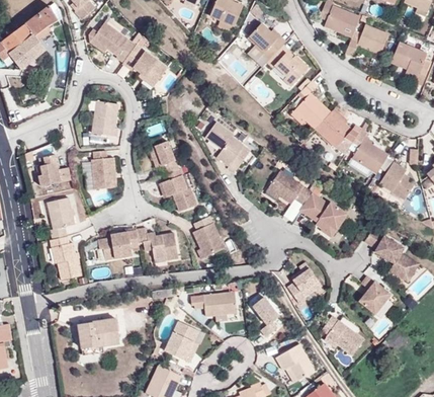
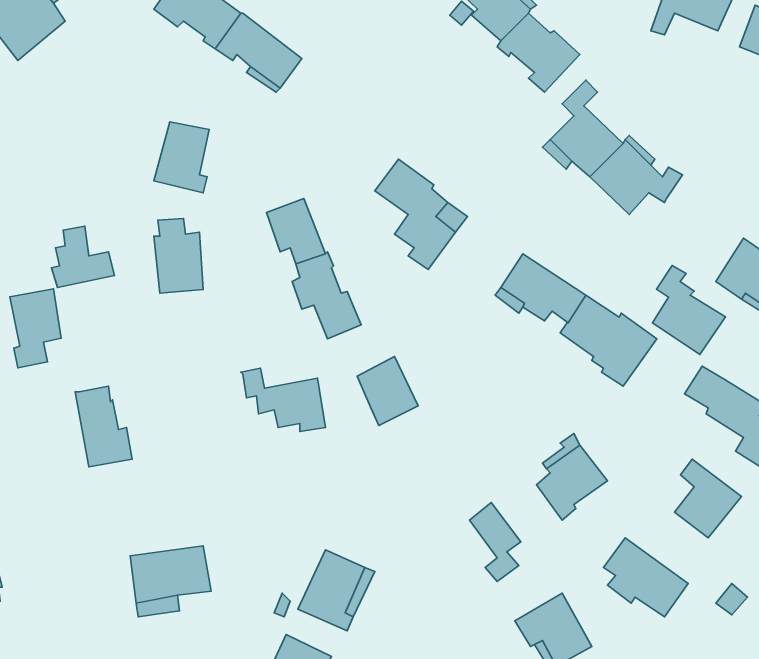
building: [351,129,388,174] -> [653,266,726,354]
building: [48,200,74,240] -> [10,289,61,368]
building: [97,231,139,262] -> none
building: [190,292,237,321] -> none

